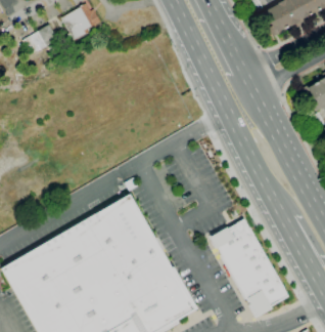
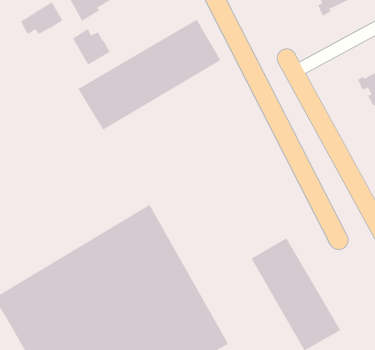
building: none -> [77,19,221,131]
building: none -> [72,28,110,65]

